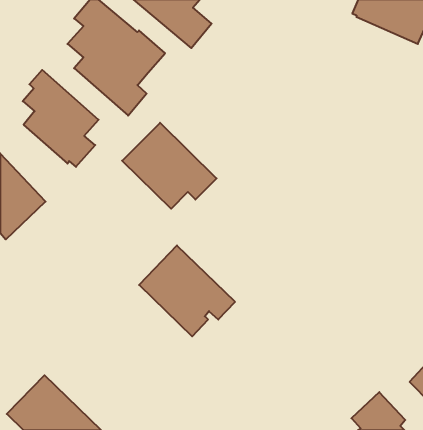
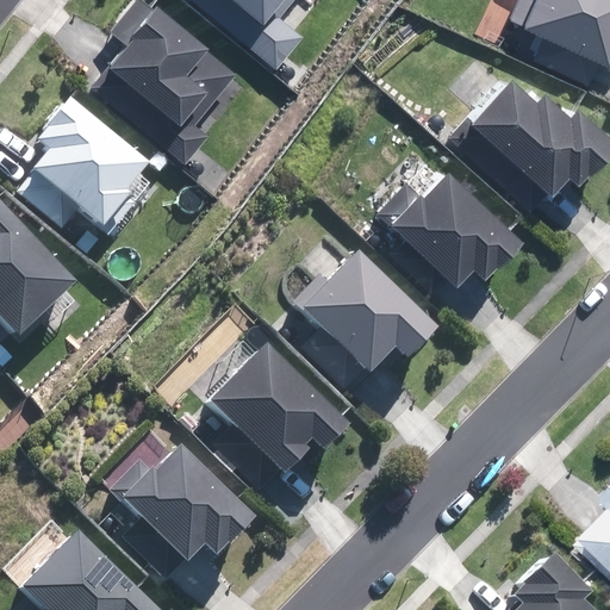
building: none -> [466,77,603,189]
building: none -> [381,164,517,281]
building: [122,123,217,209] -> [298,253,431,374]
building: none -> [116,448,254,561]

